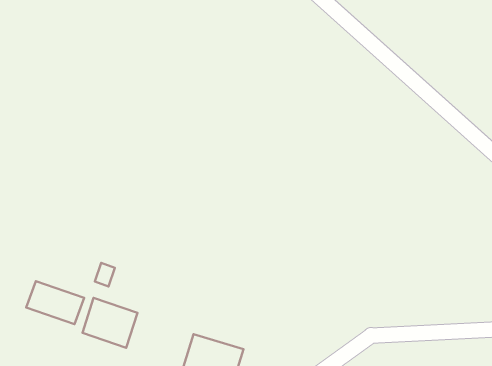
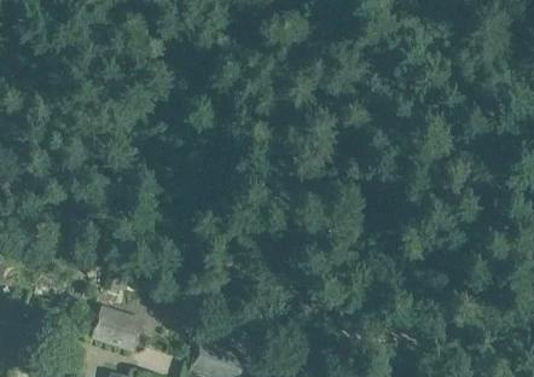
building: [26,281,84,324] -> none

